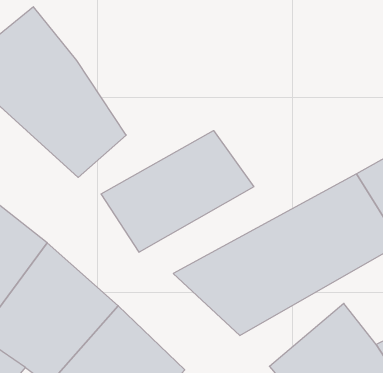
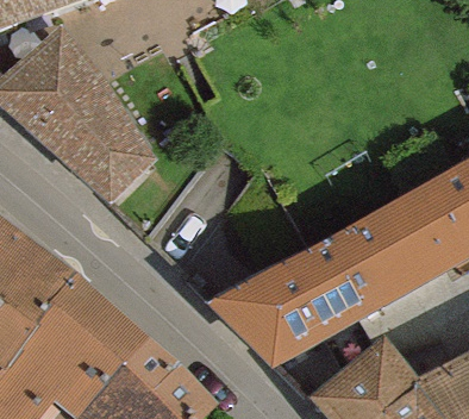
building: [101,131,254,252] -> none

